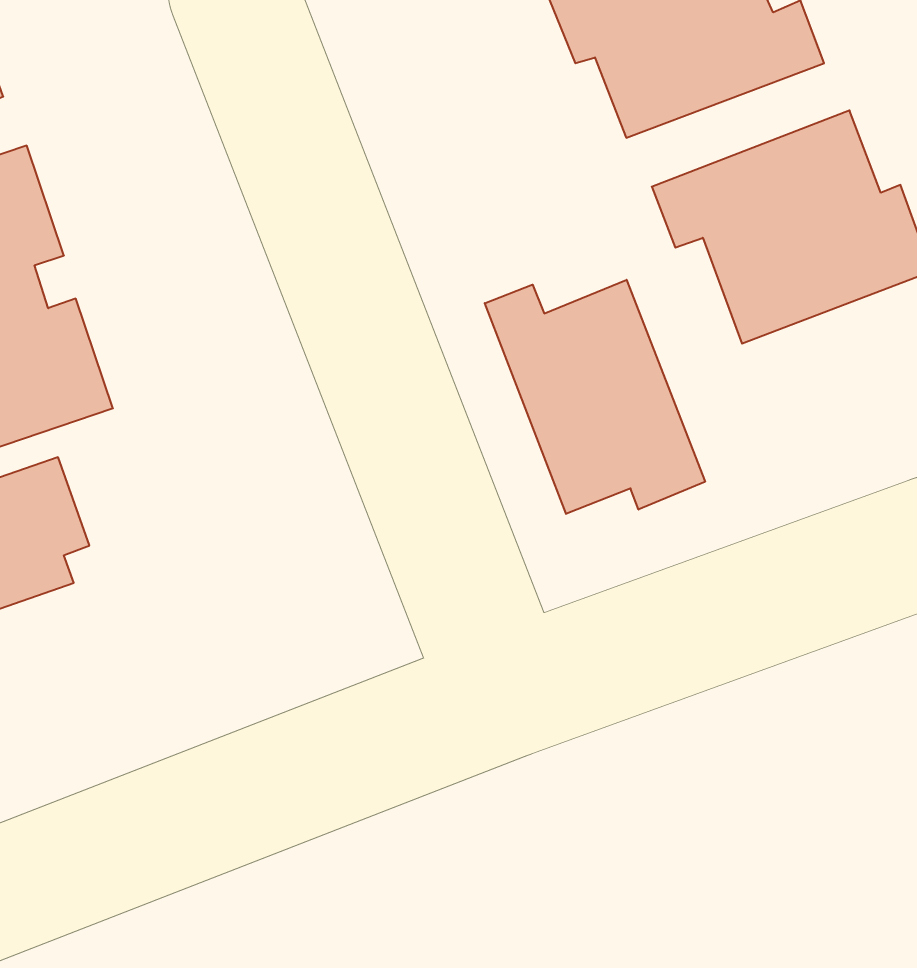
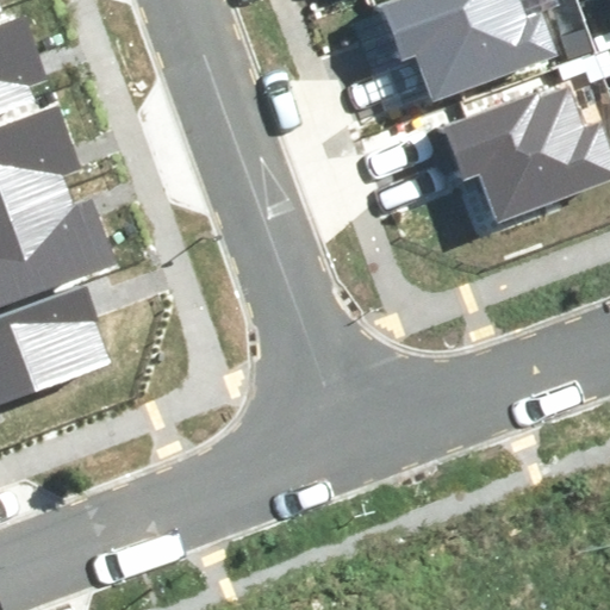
building: [485,280,705,514] -> none

